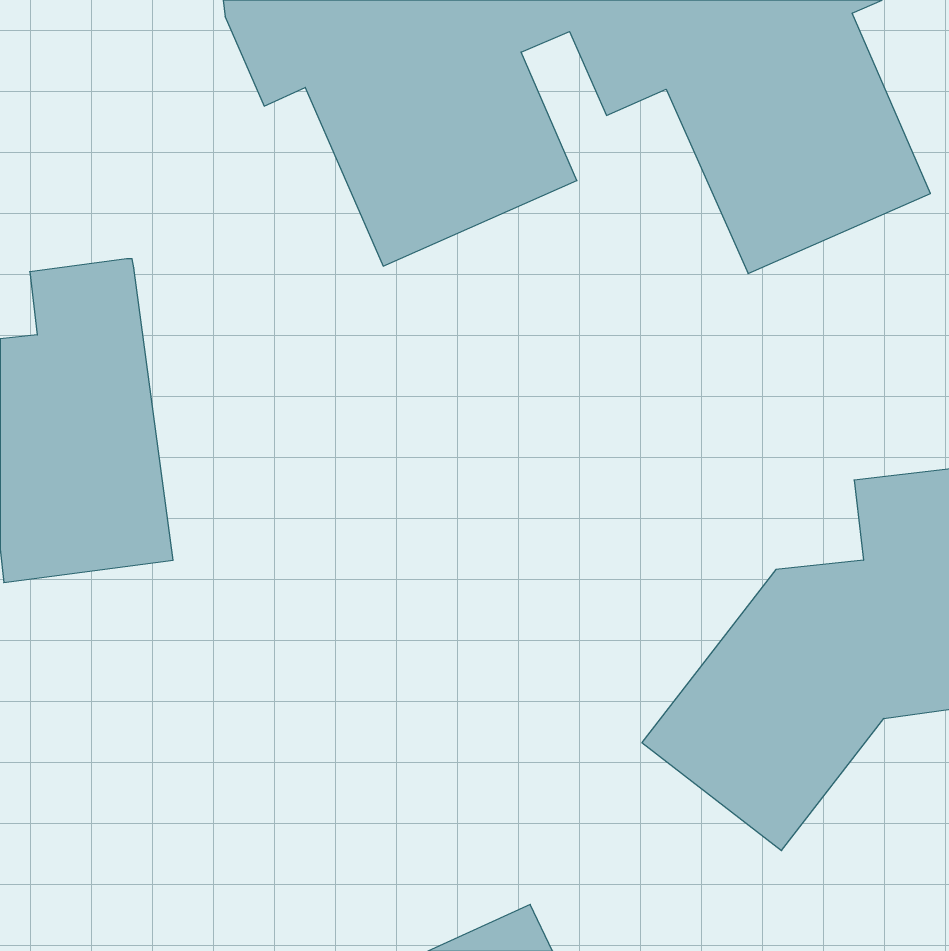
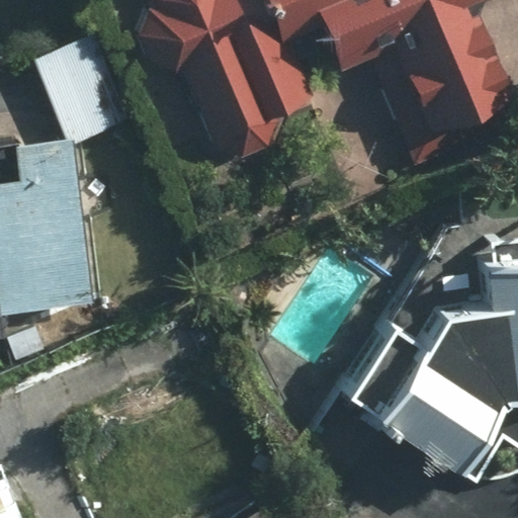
building: none -> [36,32,135,146]

